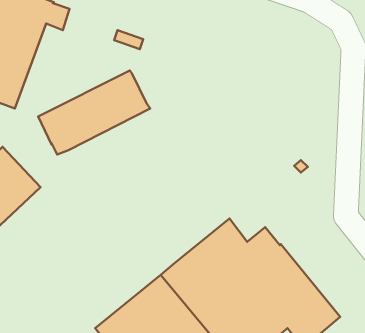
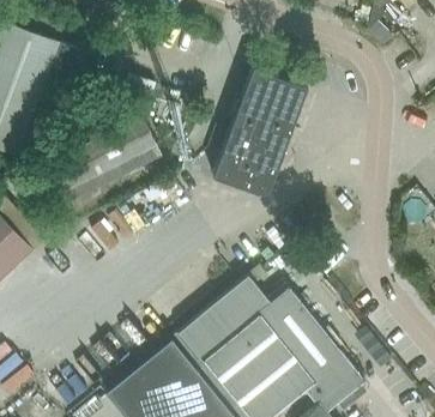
building: none -> [211,66,306,192]

